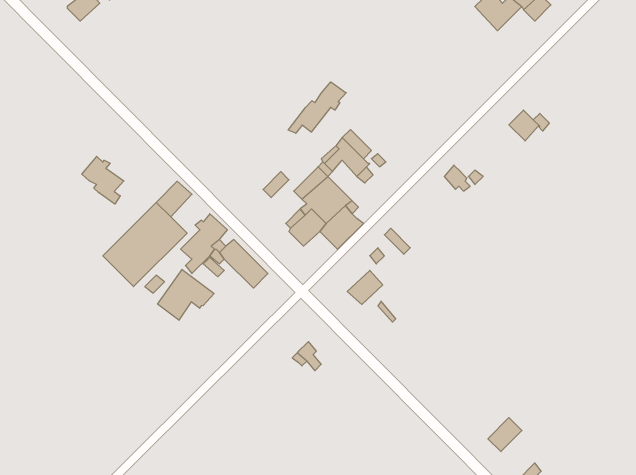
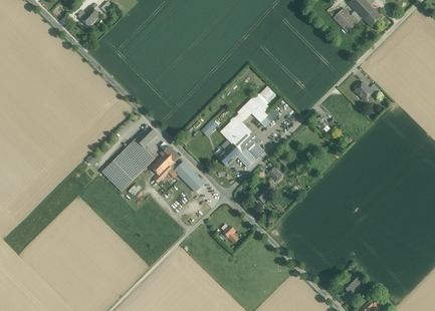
building: [288,82,346,133] -> none
building: [82,156,124,204] -> none
building: [158,269,214,320] -> none

